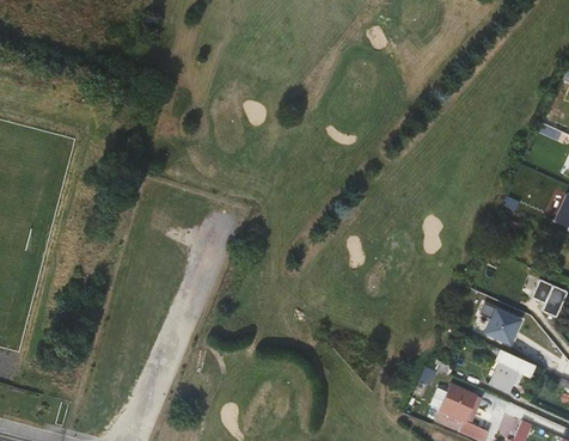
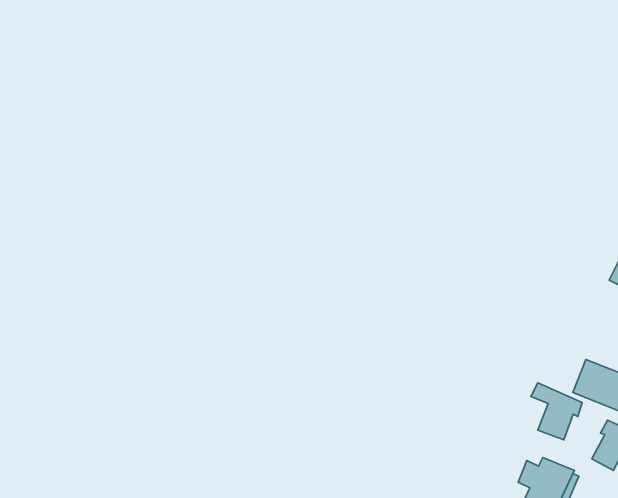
building: none -> [531,383,582,440]

